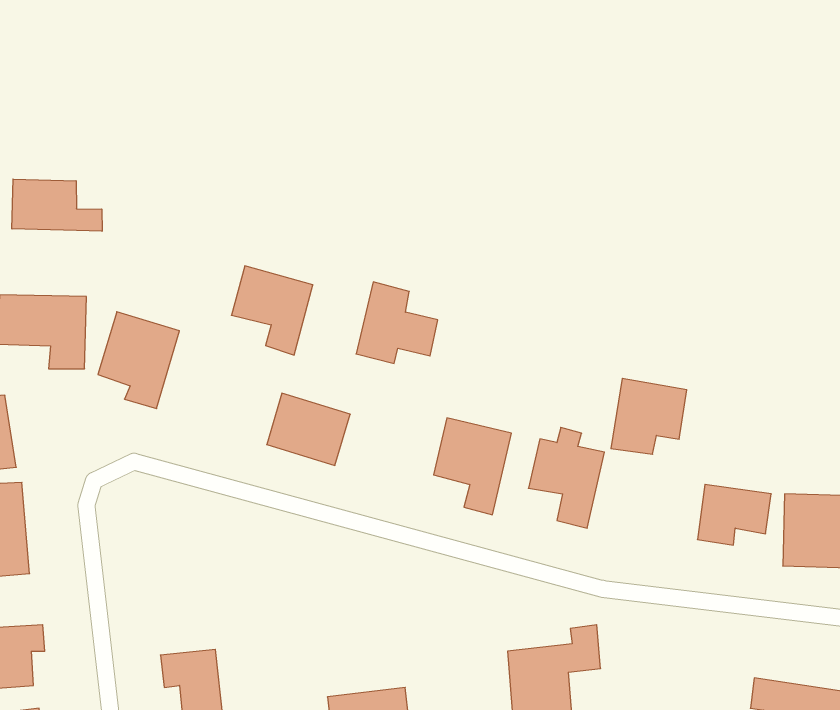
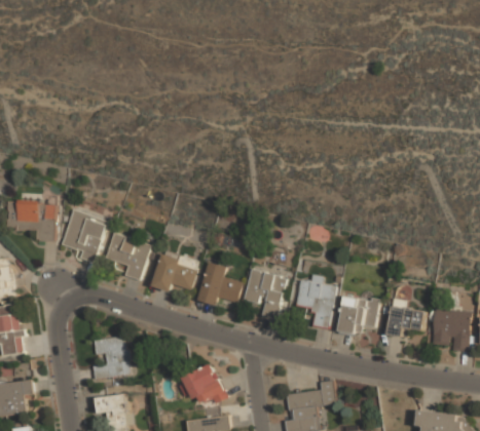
building: [12,179,102,231] -> none
building: [231,266,313,355] -> [105,234,149,282]
building: [356,282,438,363] -> [197,261,242,305]
building: [611,378,687,454] -> [336,295,377,336]
building: none -> [90,337,130,380]
building: none -> [176,363,225,407]

